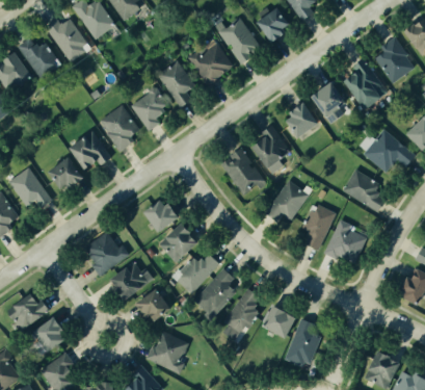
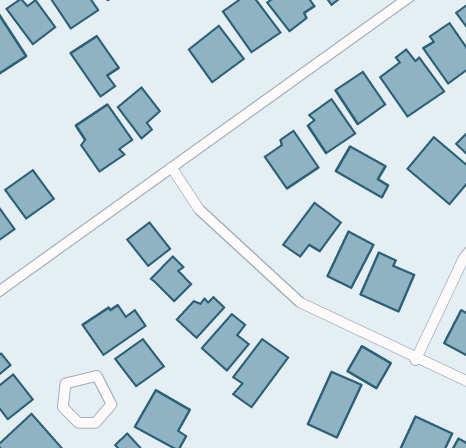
building: [157,60,195,108] -> [70,36,119,96]
building: [67,132,113,170] -> none
building: [220,148,267,197] -> none
building: [344,171,386,211] -> [336,146,388,197]
building: [82,229,131,275] -> none
building: [260,305,294,338] -> [348,346,391,388]

